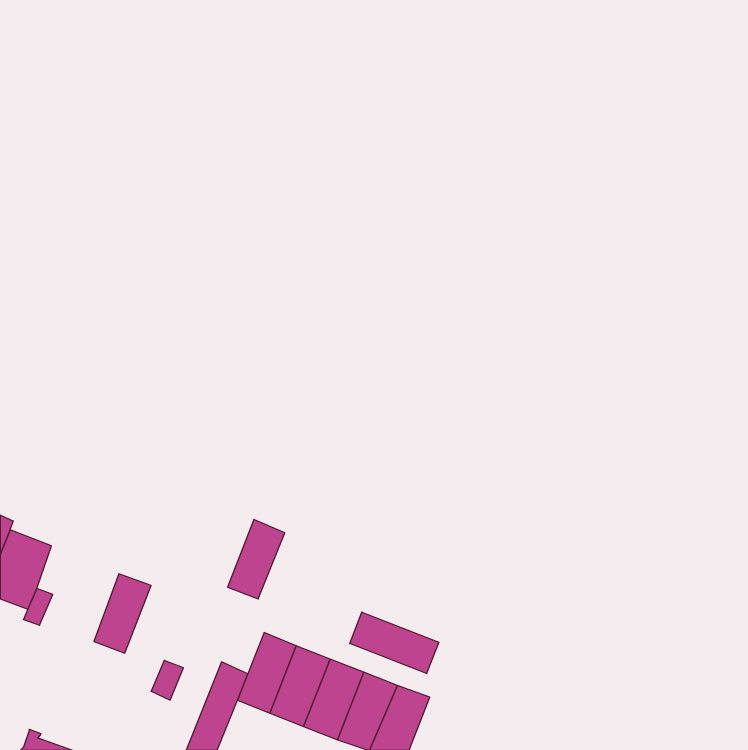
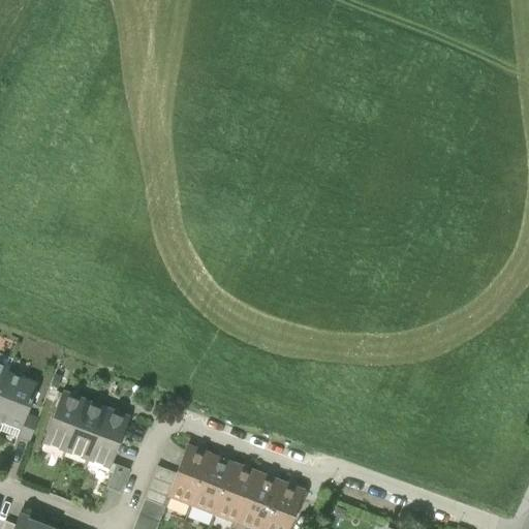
building: [228,520,285,599] -> [89,412,129,468]
building: none -> [45,396,85,452]
building: [350,612,439,674] -> none

